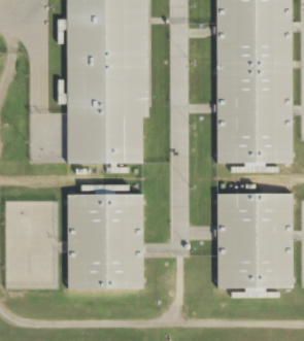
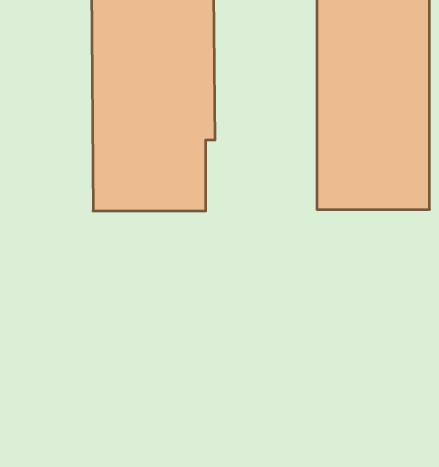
building: [216,192,293,286] -> none
building: [67,193,143,287] -> none

